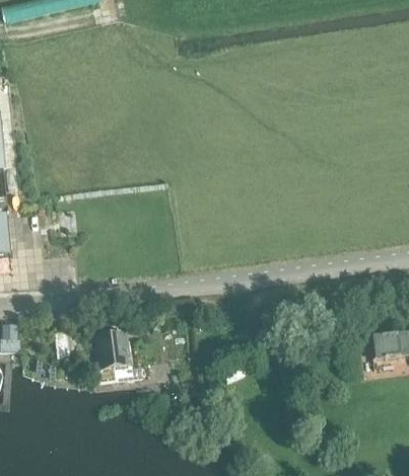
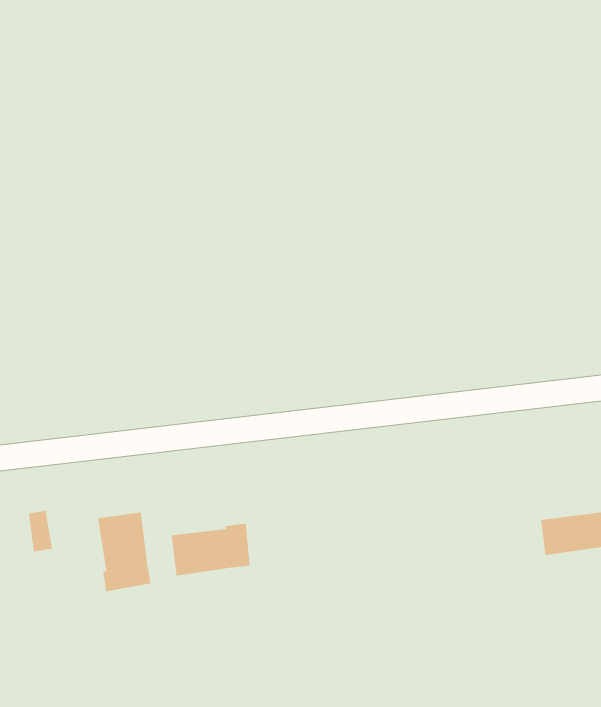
building: none -> [171,523,251,576]

